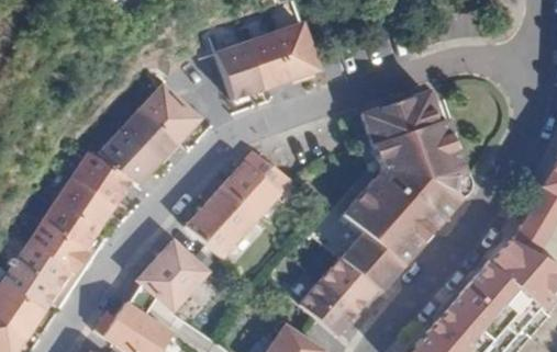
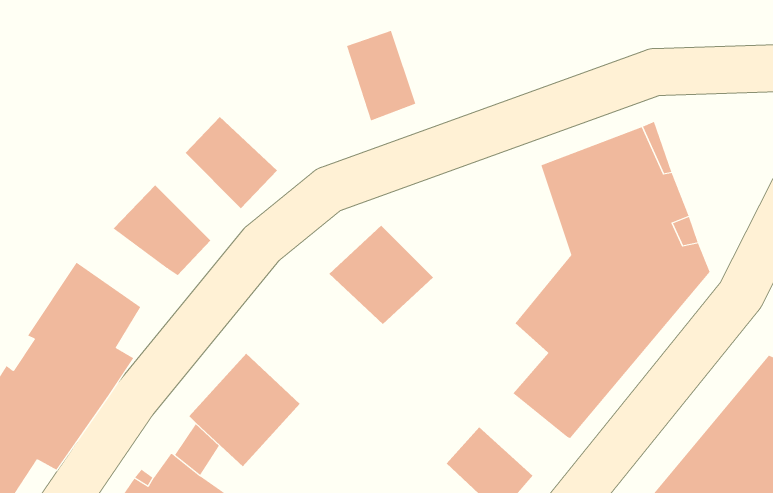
building: [268,22,313,79] -> none
building: [212,43,255,100] -> none
building: [120,110,174,164] -> none
building: [70,152,127,206] -> none
building: [190,185,263,253] -> none
building: [323,260,378,311] -> none

